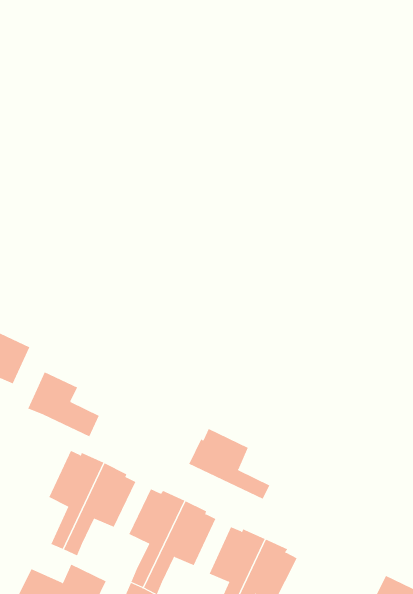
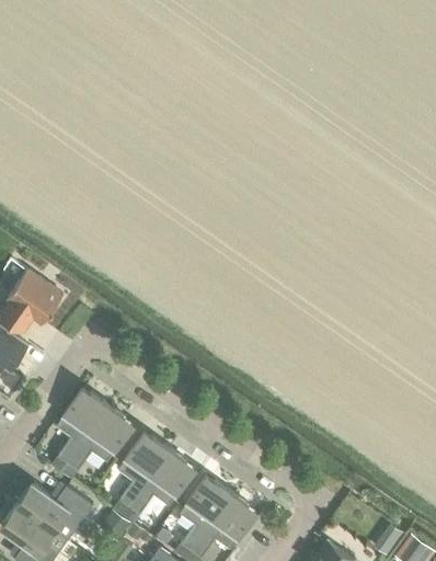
building: [27,372,99,437] -> none
building: [188,428,270,500] -> none

